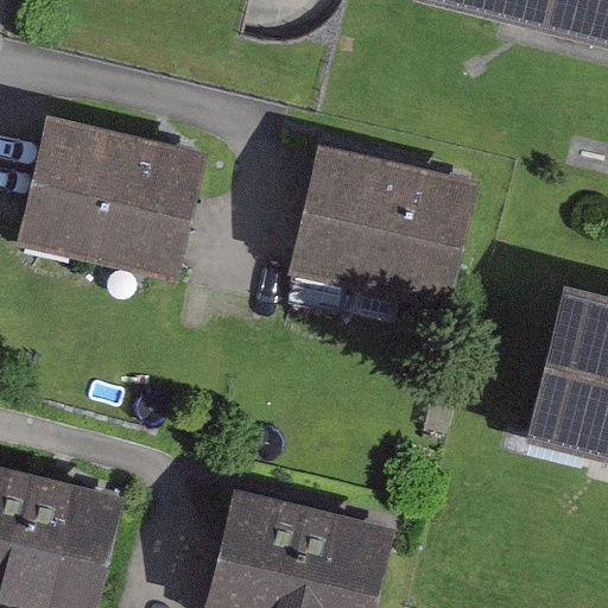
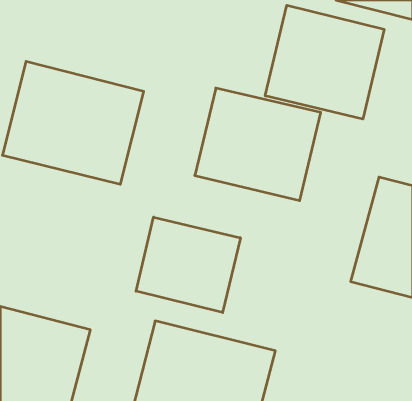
building: none -> [265,5,384,119]
building: none -> [136,217,240,313]

